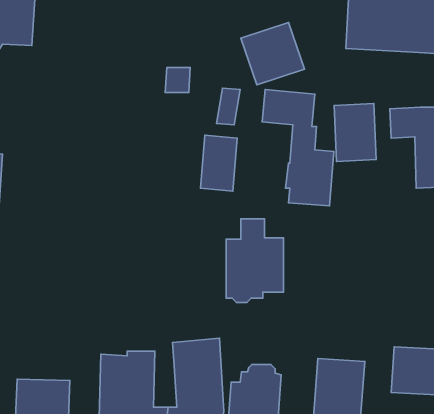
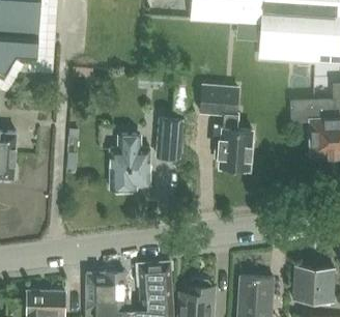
building: [241,23,304,85] -> none
building: [334,103,376,161] -> none
building: [226,219,284,302] -> [109,134,149,193]

